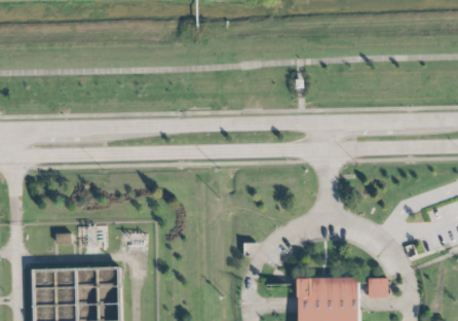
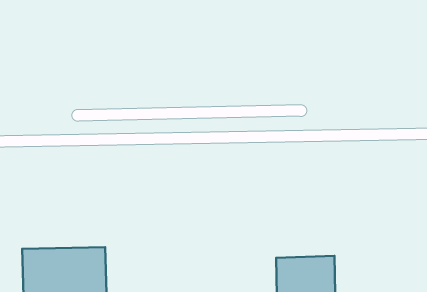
building: [368,278,387,298] -> none

